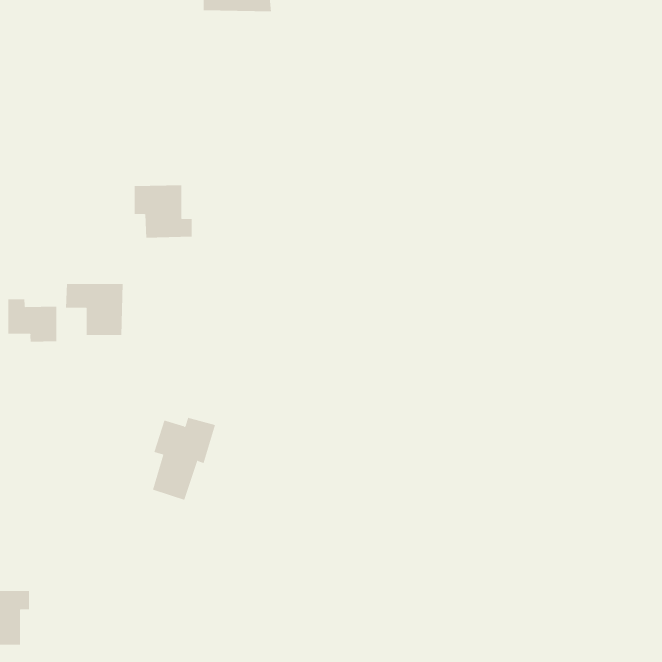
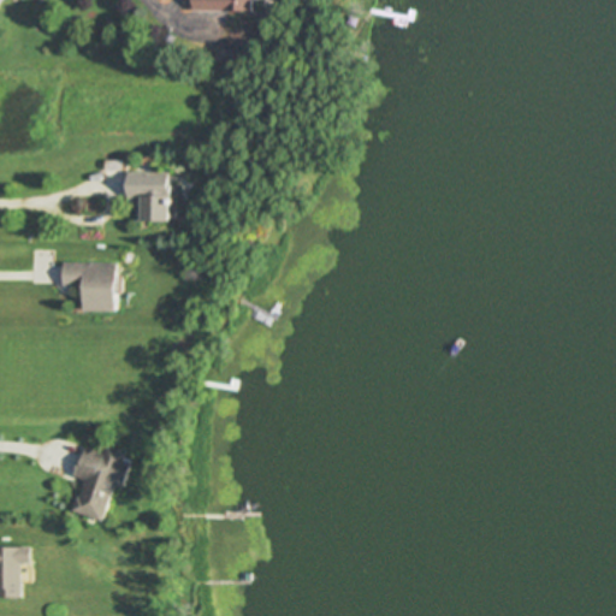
building: [8,299,57,342] -> none
building: [152,417,216,500] -> [70,444,129,521]

